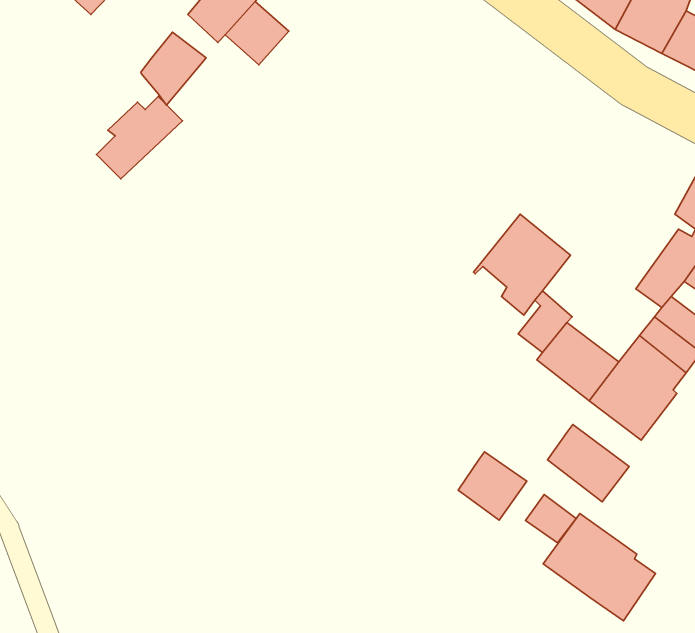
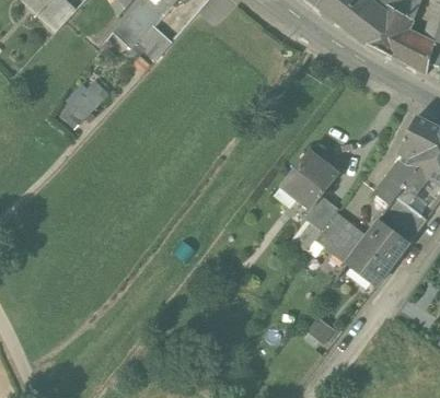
building: [141,32,206,105] -> none
building: [548,425,629,502] -> none
building: [458,452,527,520] -> none
building: [543,513,655,621] -> none

